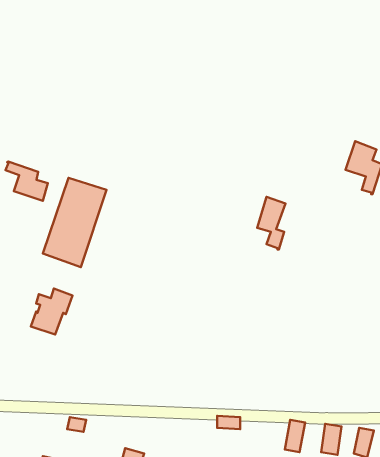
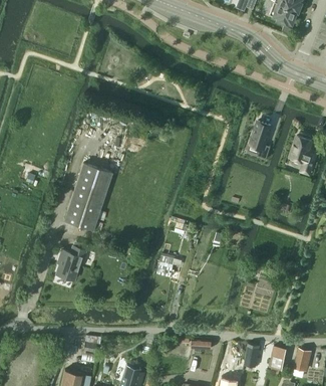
building: [6,161,48,201] -> none
building: [257,197,286,249] -> [250,121,271,160]

